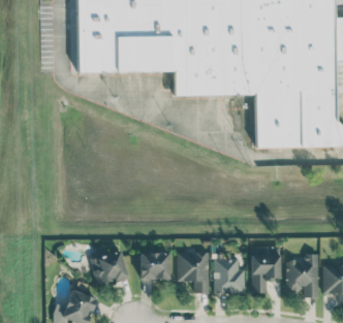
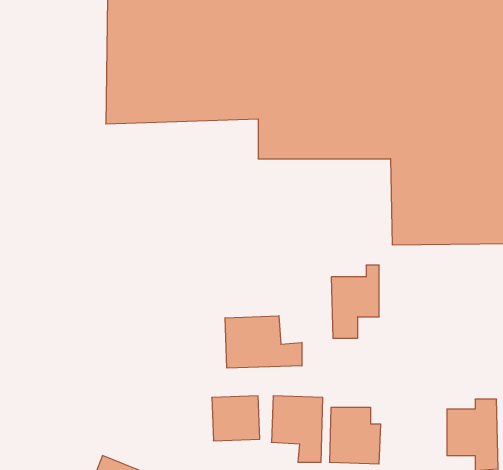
building: none -> [225,316,302,368]
building: [251,248,281,293] -> [331,265,379,338]
building: [89,249,129,287] -> none

